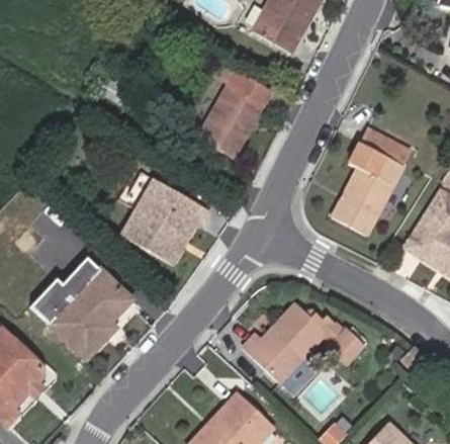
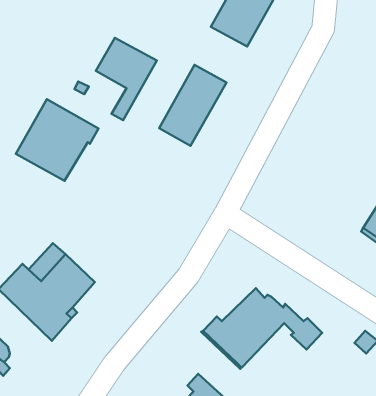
building: none -> [96,38,157,120]
building: [330,127,411,237] -> none
building: [120,177,206,262] -> [16,99,99,181]

